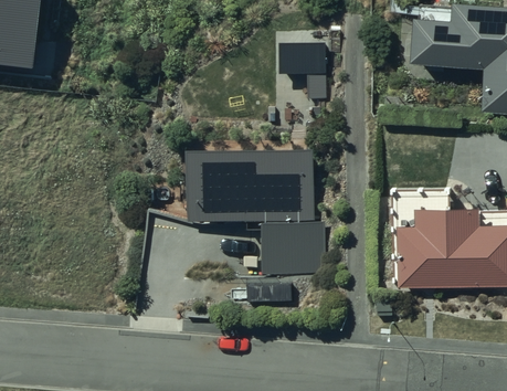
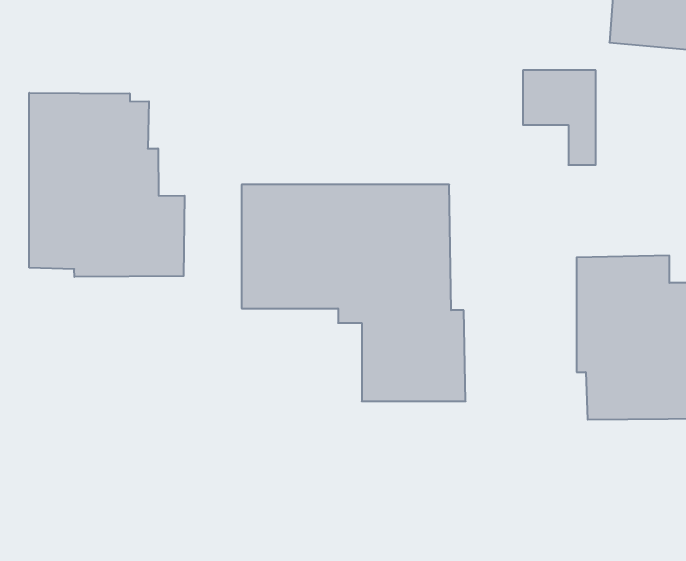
building: [279,42,324,99] -> [523,70,596,165]
building: none -> [29,93,185,277]

